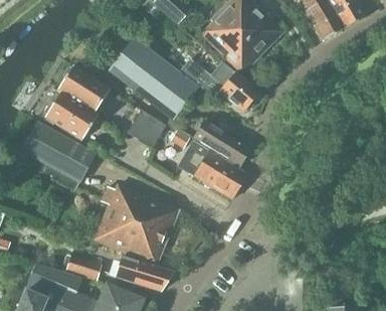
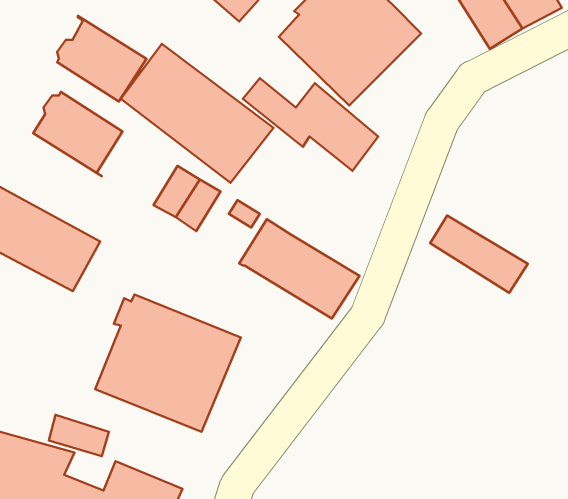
building: [45,90,98,140] -> [57,16,146,102]
building: [194,121,251,166] -> [430,216,528,293]
building: [115,256,174,291] -> none

